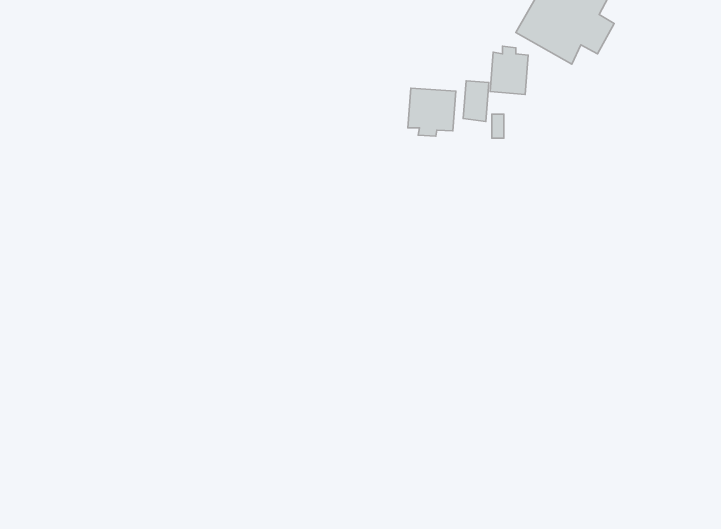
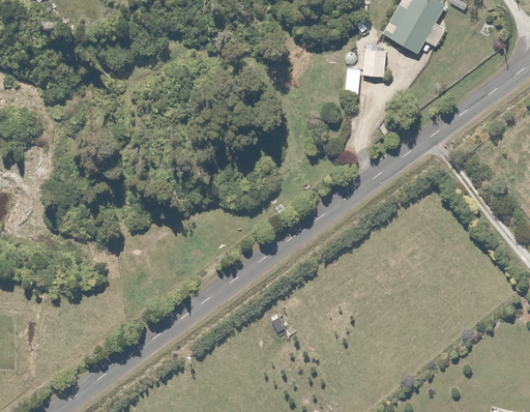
building: [408,88,456,136] -> none

